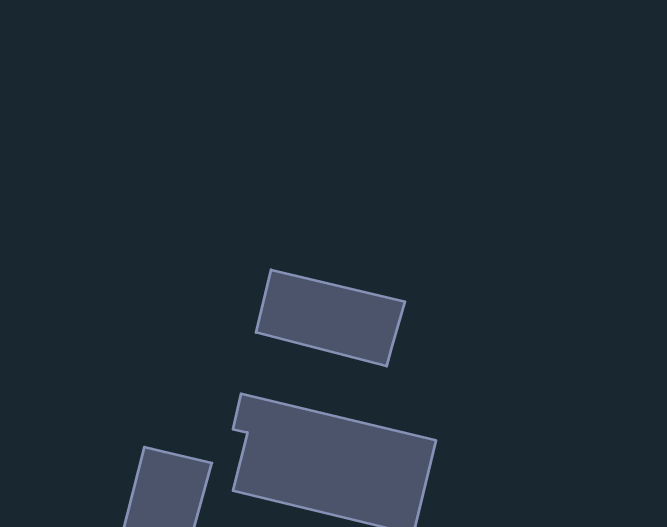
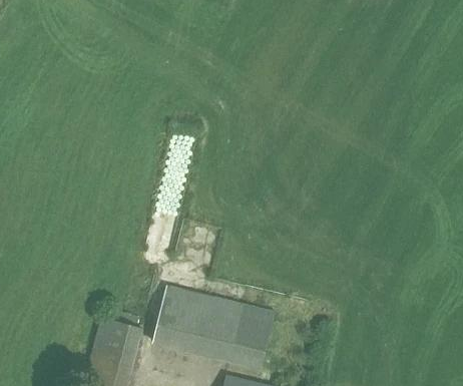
building: [256,270,405,366] -> none

